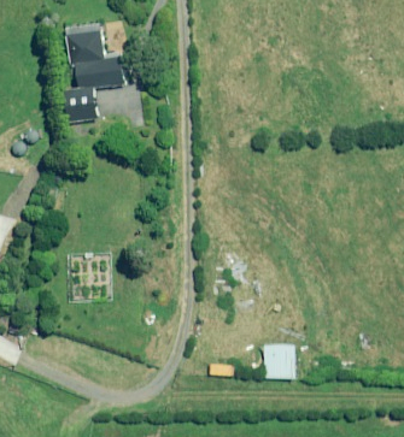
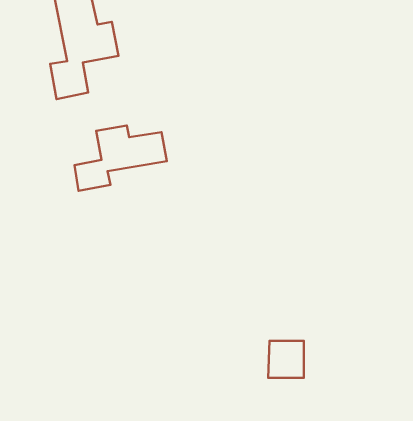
building: none -> [74,125,167,191]

